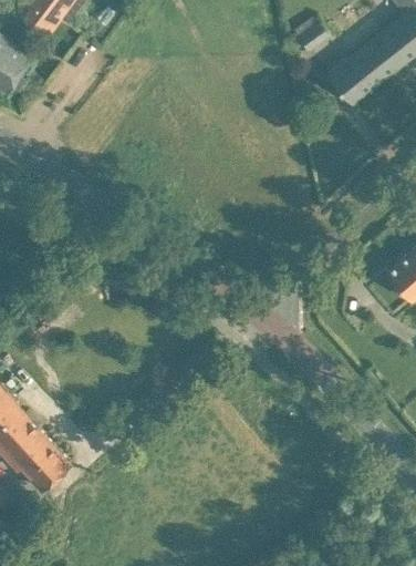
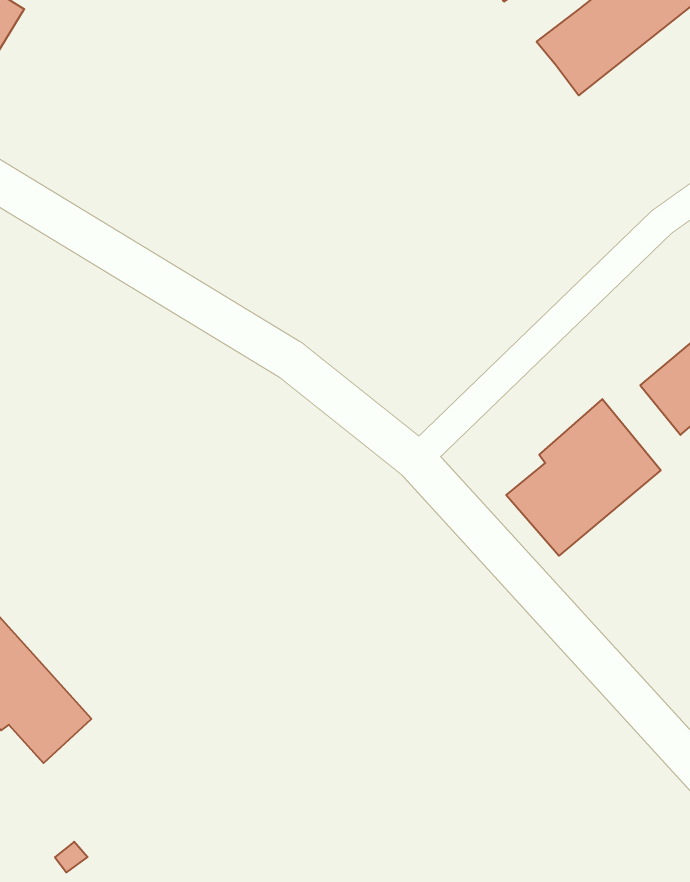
building: none -> [506,399,661,556]

